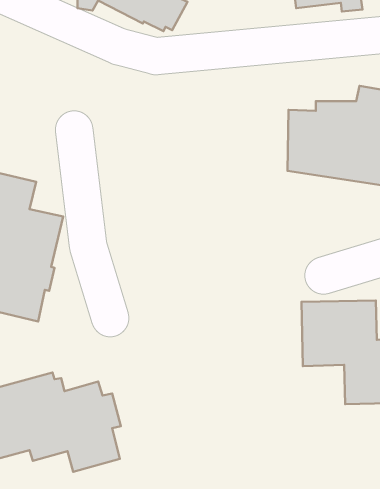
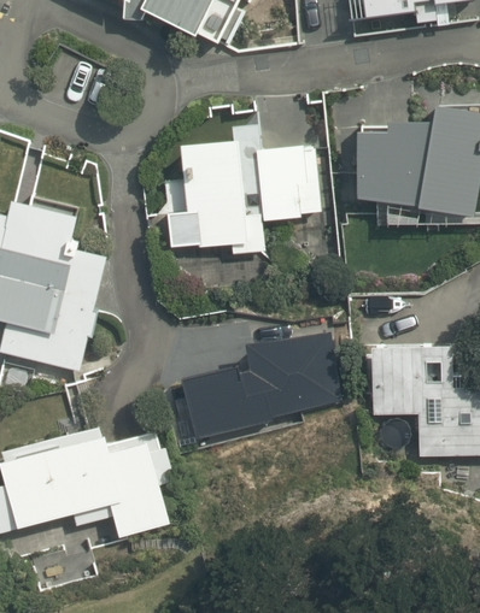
building: none -> [168,123,321,254]
building: none -> [181,330,343,442]

